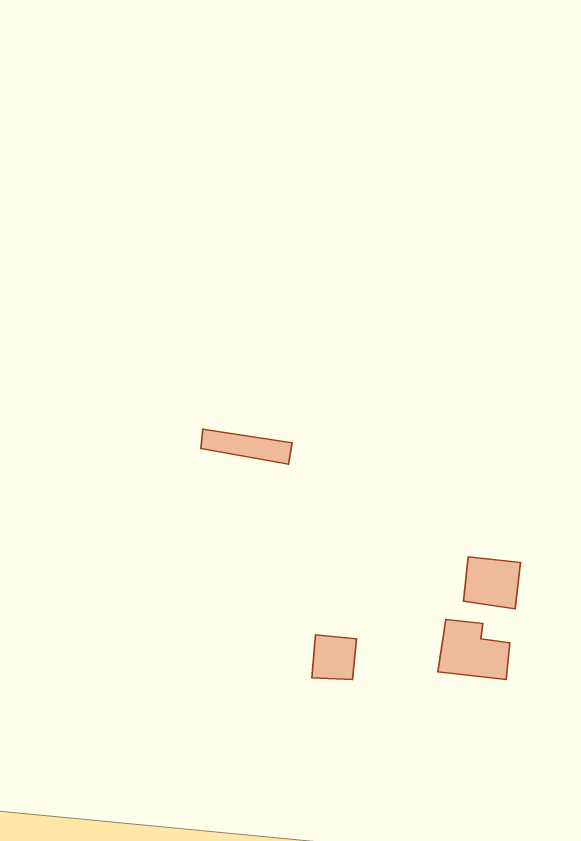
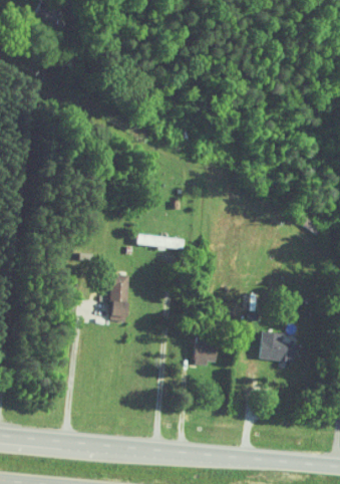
building: none -> [107,275,128,317]
building: [463,557,520,609] -> none

